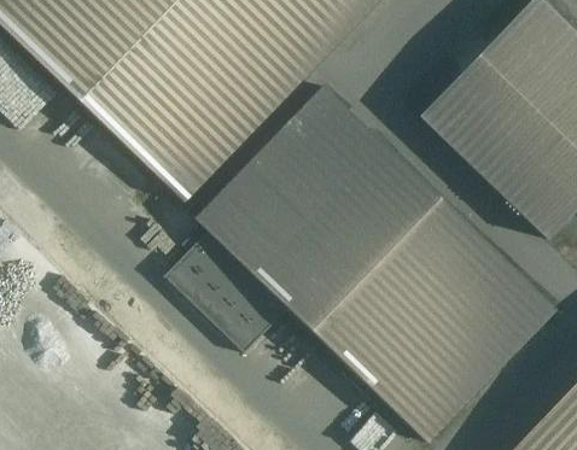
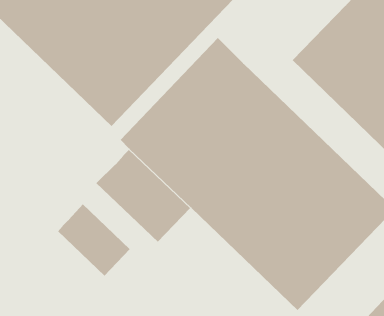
building: none -> [57,204,130,277]

